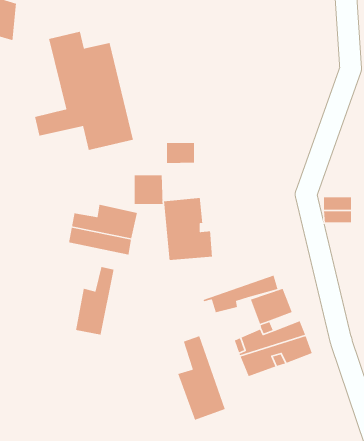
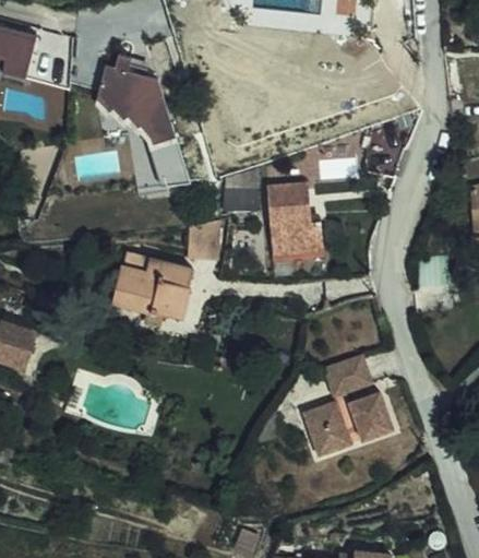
building: [163,197,213,261] -> [266,189,323,262]
building: [75,266,115,335] -> none
building: [203,274,278,313] -> none
building: [177,335,226,421] -> none

